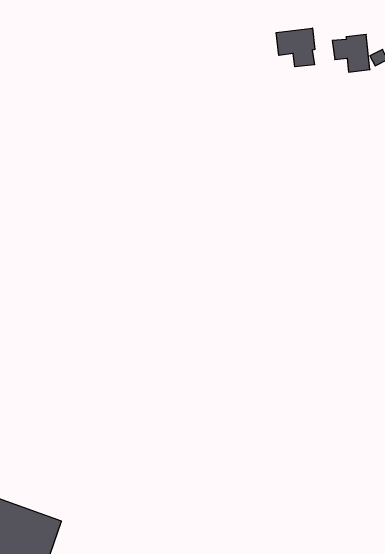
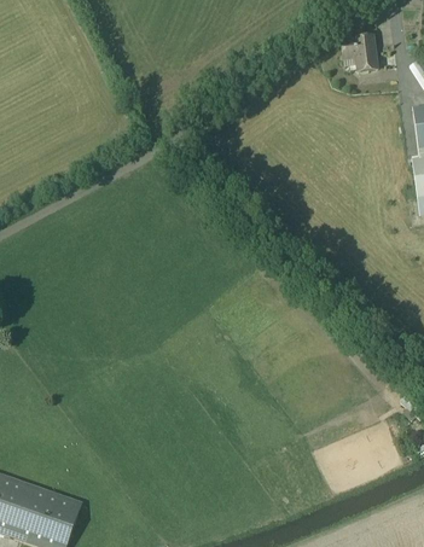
building: [276,28,315,67] -> none

